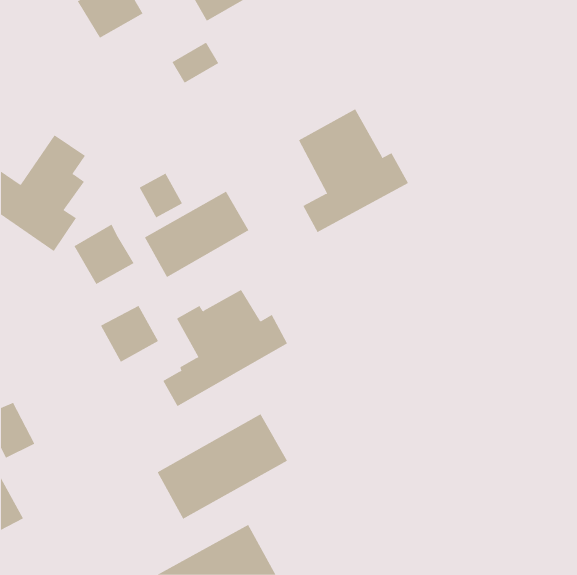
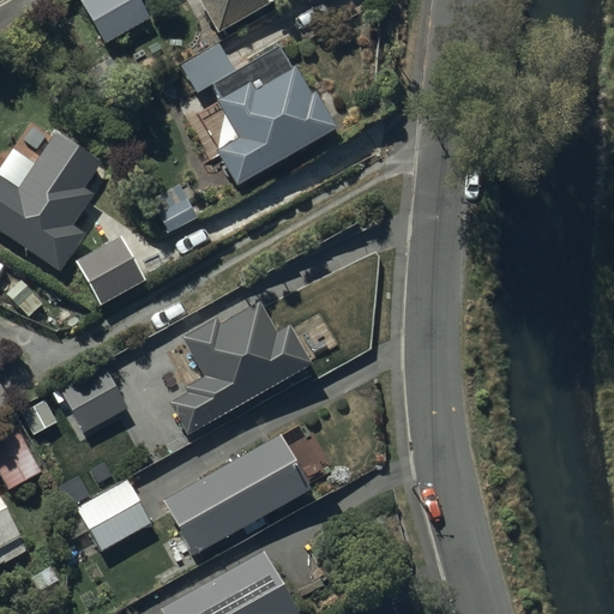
building: [298,109,409,233] -> [216,49,333,181]
building: [144,191,249,278] -> none
building: [100,305,159,363] -> [64,371,126,432]
building: none -> [78,481,149,549]

